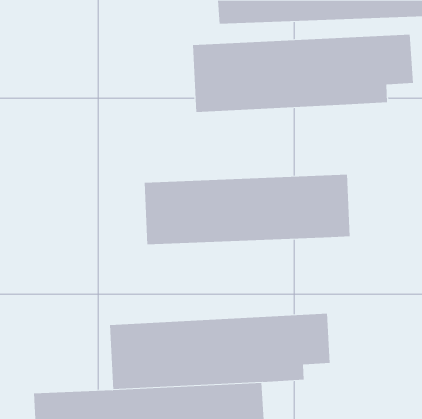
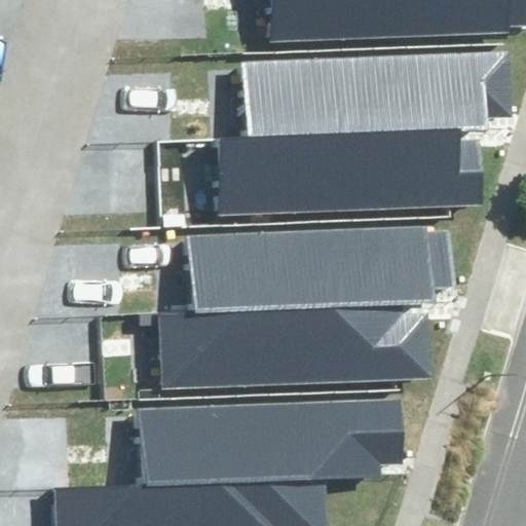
building: none -> [220,135,486,213]
building: none -> [156,301,417,389]

